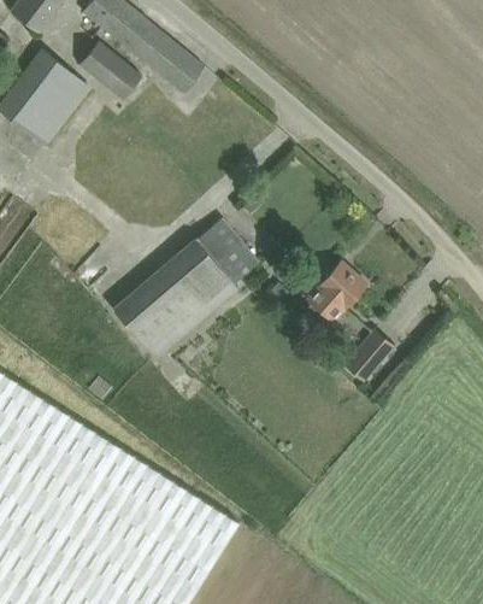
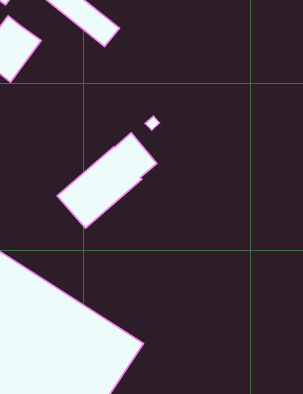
building: [78,41,142,100] -> none
building: [307,262,365,321] -> none
building: [344,330,391,380] -> none

